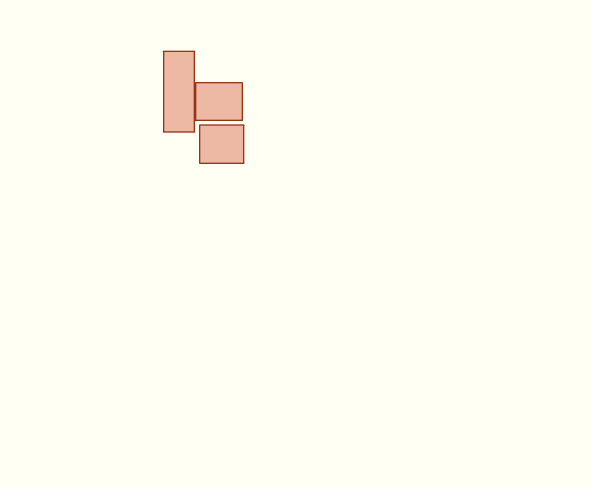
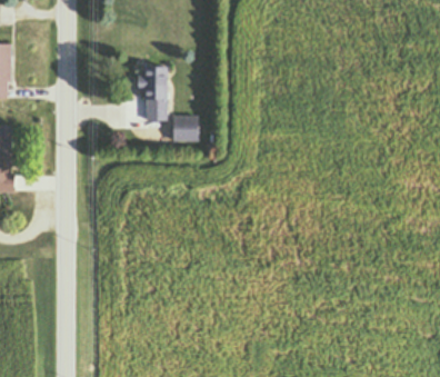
building: [196,83,242,121] -> none

